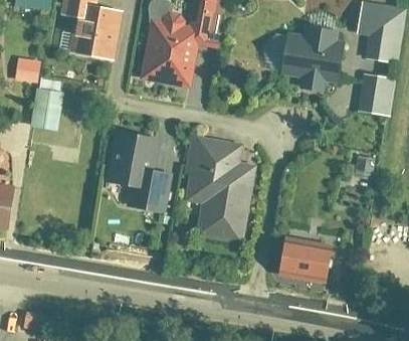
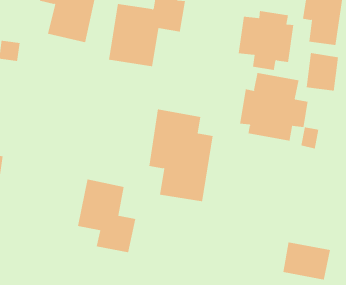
building: [30,88,62,130] -> none
building: none -> [239,72,308,141]
building: [107,128,173,211] -> [77,179,136,253]
building: [282,239,337,283] -> [282,242,331,280]

